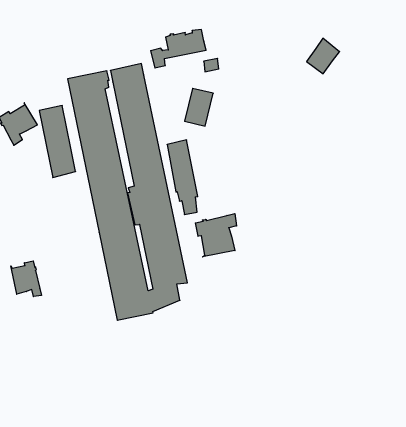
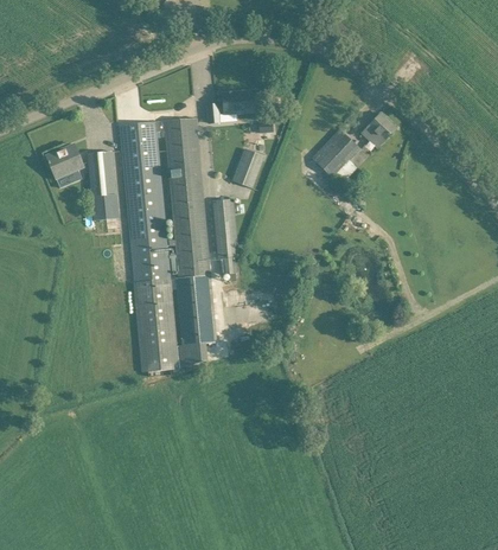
building: none -> [312,129,359,181]
building: [195,214,237,257] -> none
building: [11,261,41,297] -> none

